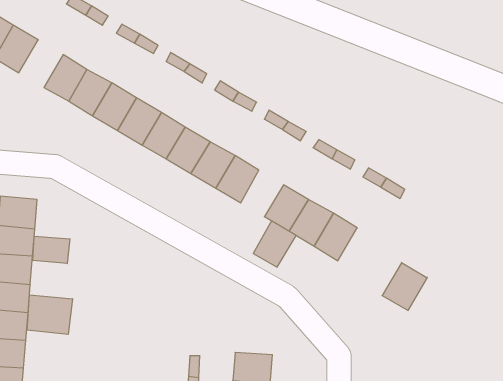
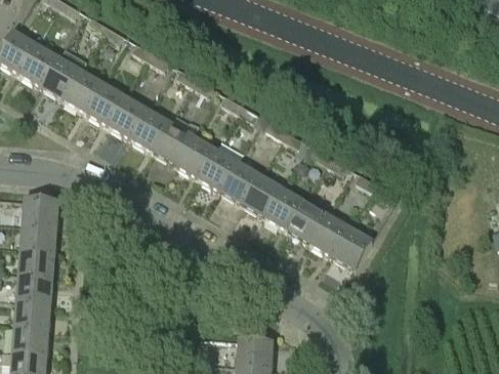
building: none -> [42,48,86,99]
building: [253,221,296,267] -> [243,174,282,216]
building: [33,236,70,264] -> none
building: [382,263,427,310] -> [331,226,372,269]
building: [27,295,72,334] -> none

